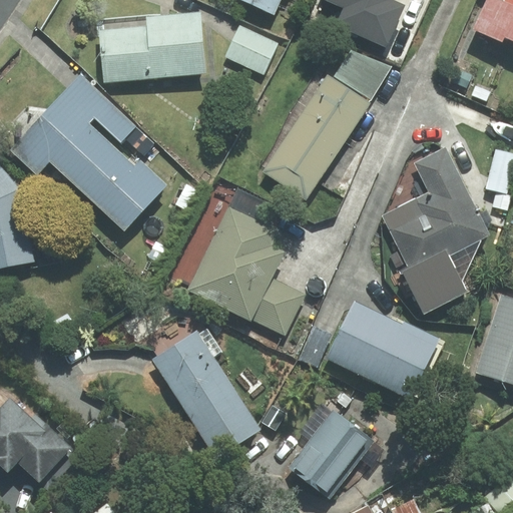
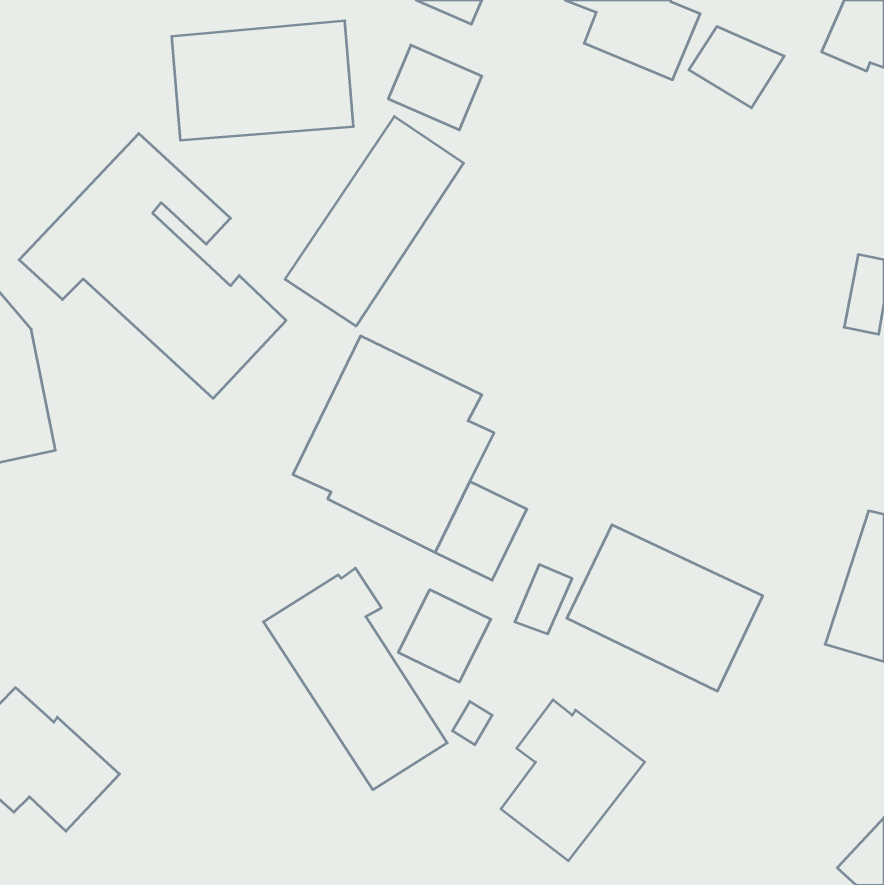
building: [334,51,389,98] -> [689,27,784,108]
building: [265,77,368,198] -> [285,116,464,326]
building: [384,147,488,312] -> none
building: none -> [398,590,491,682]

